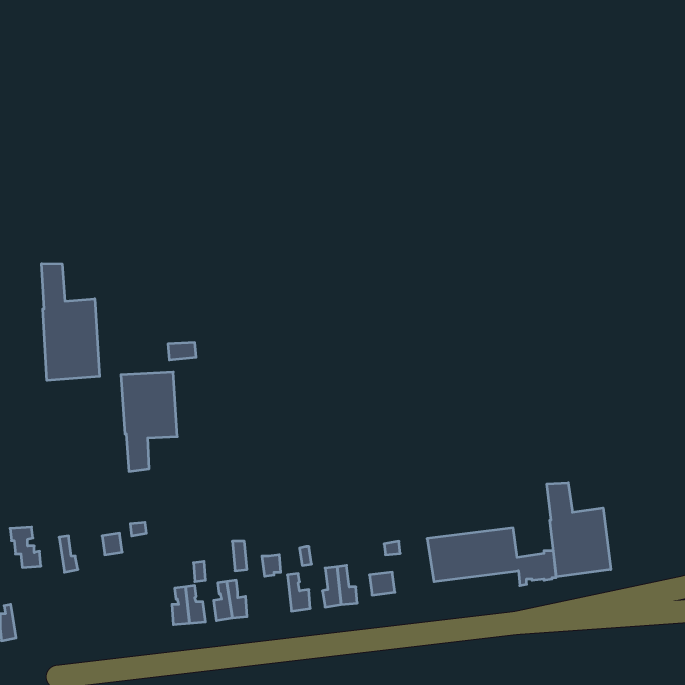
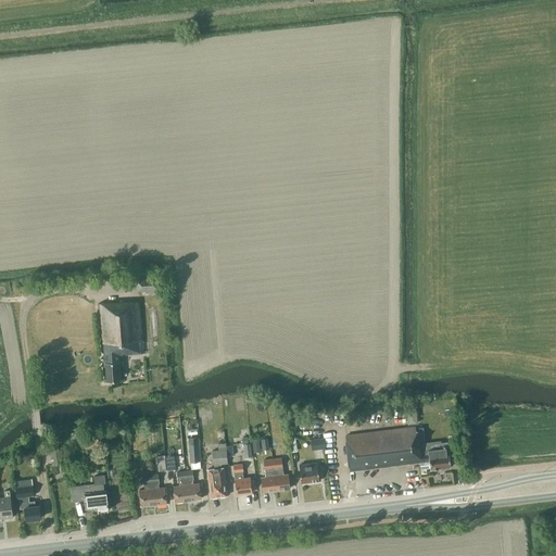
building: [42,264,100,380] -> none
building: [547,483,611,577] -> none
building: [10,527,41,567] -> [16,485,41,518]
building: none -> [206,467,227,497]
building: none -> [72,475,109,509]

